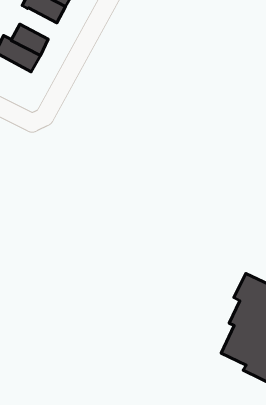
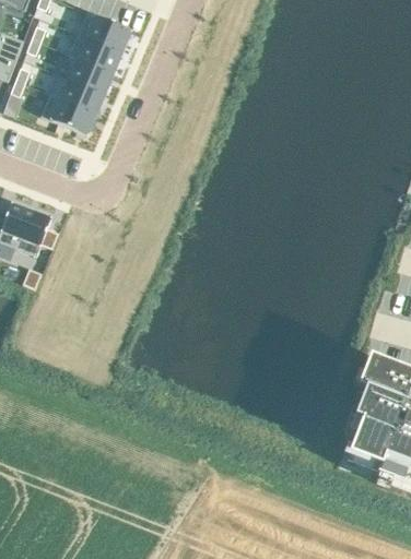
building: none -> [68,57,113,93]

